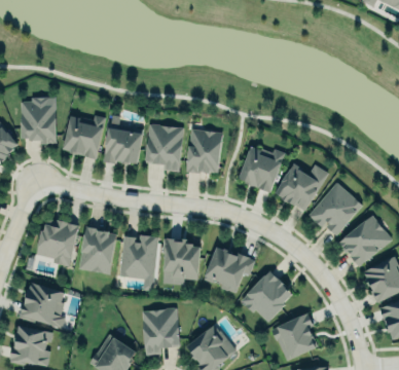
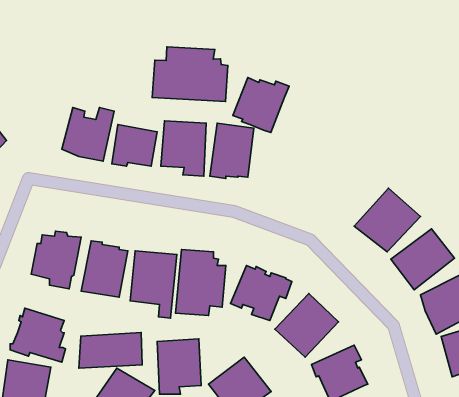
building: none -> [152,47,228,101]
building: [21,101,57,144] -> none
building: [238,146,285,192] -> [233,77,289,133]
building: [275,163,328,212] -> none
building: none -> [79,332,142,368]

